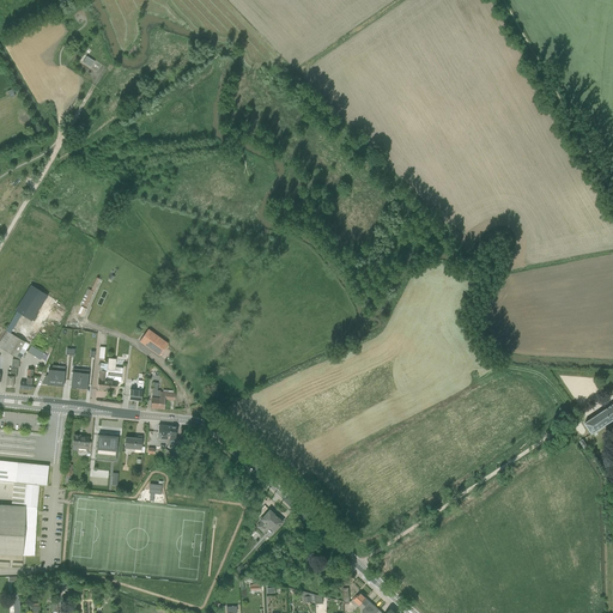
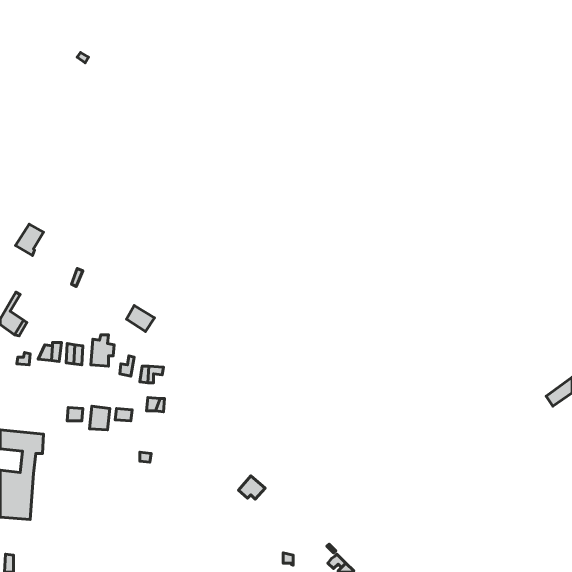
building: [17,287,47,321] -> [16,224,44,256]

